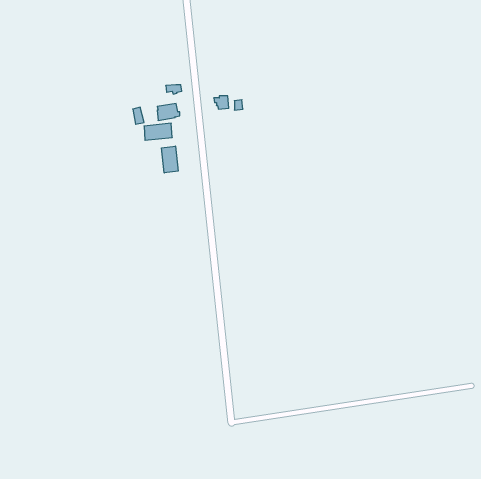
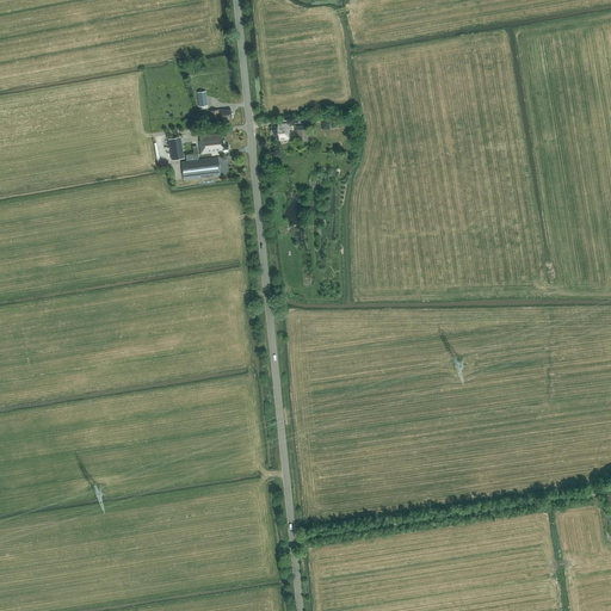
building: [162,146,178,173] -> none

